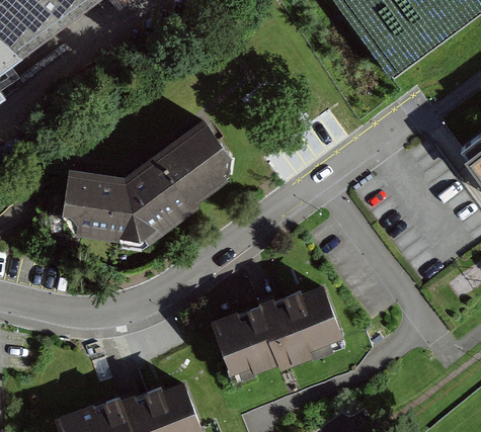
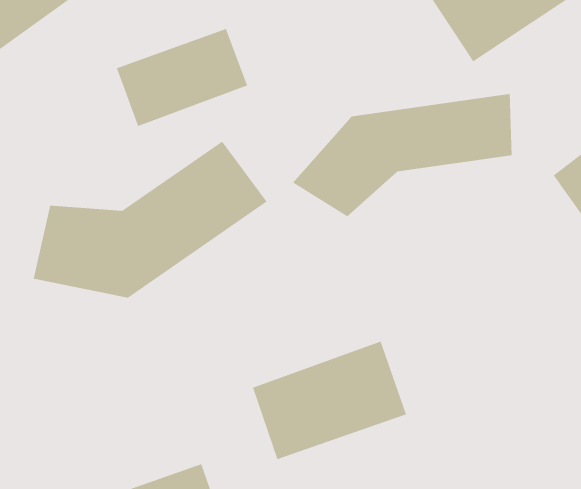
building: none -> [116,28,248,127]
building: none -> [292,93,512,217]

